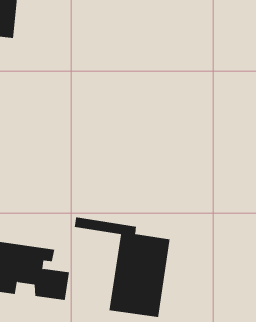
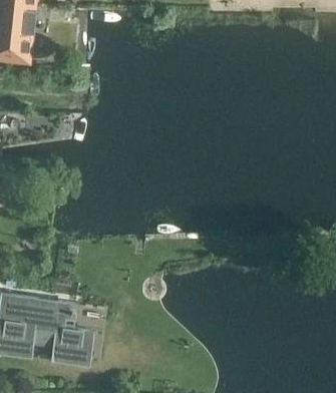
building: [74,217,170,318] -> none

